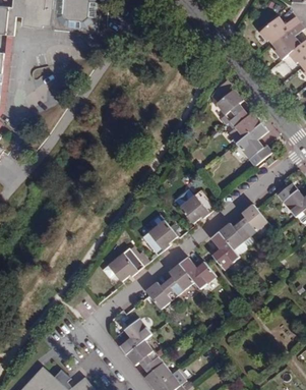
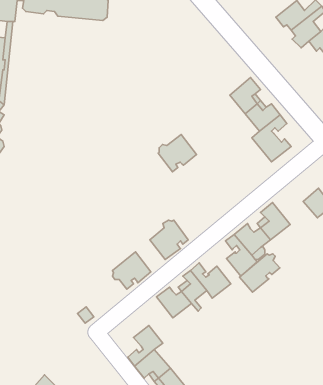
building: [179,188,215,223] -> [158,135,197,172]
building: none -> [239,254,280,292]

